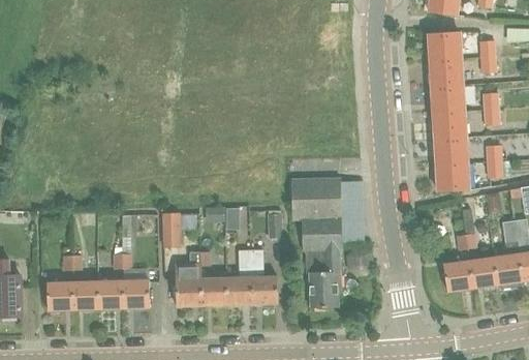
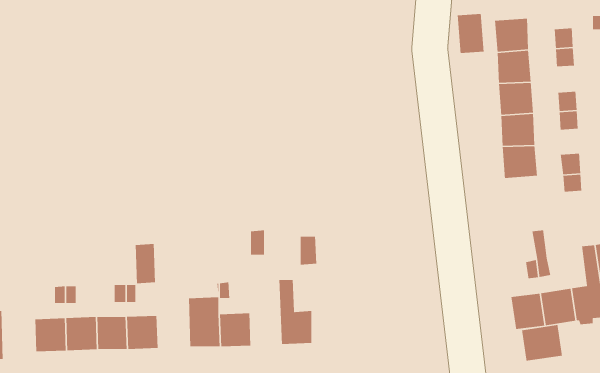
building: none -> [457,13,485,54]
building: [438,163,467,192] -> none
building: [291,178,342,307] -> none
building: [162,213,180,247] -> [135,243,156,284]
building: [226,249,252,305] -> none
building: none -> [521,324,563,362]

